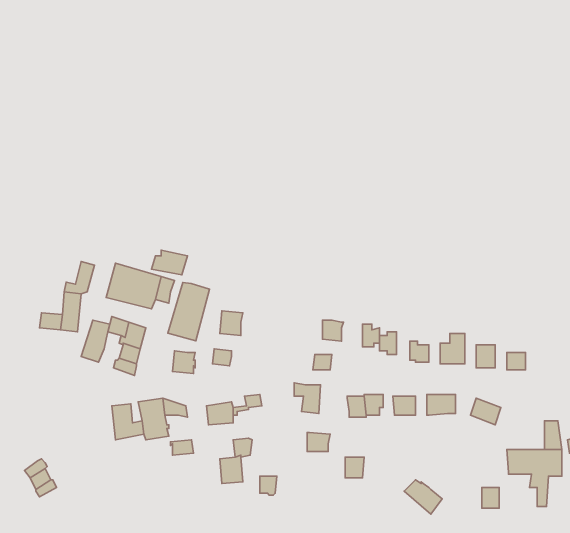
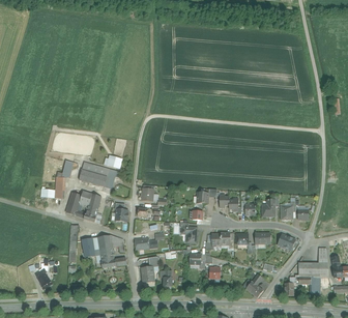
building: [168,282,210,341] -> none

